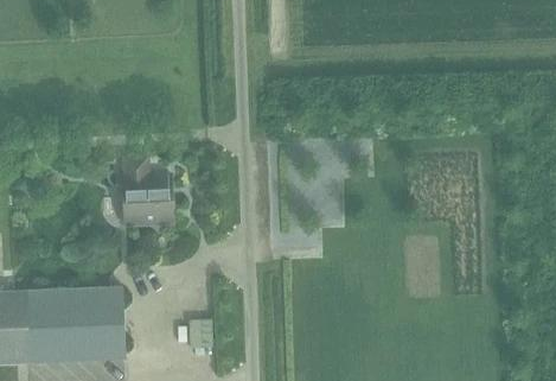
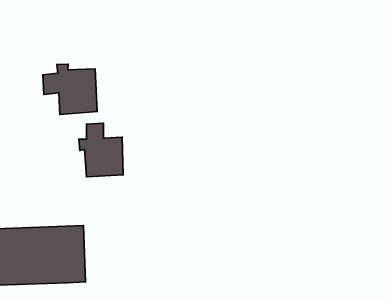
building: none -> [43,64,97,114]

